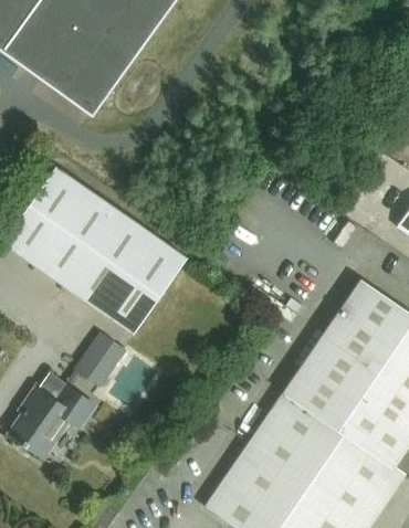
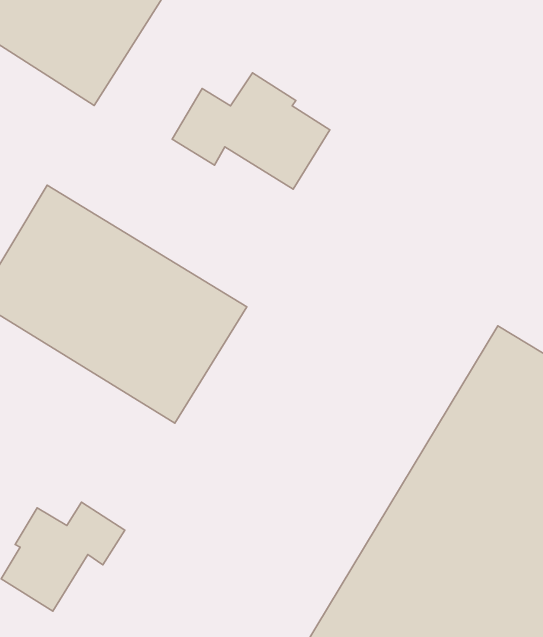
building: none -> [172,73,330,189]
building: [72,330,124,386] -> none

